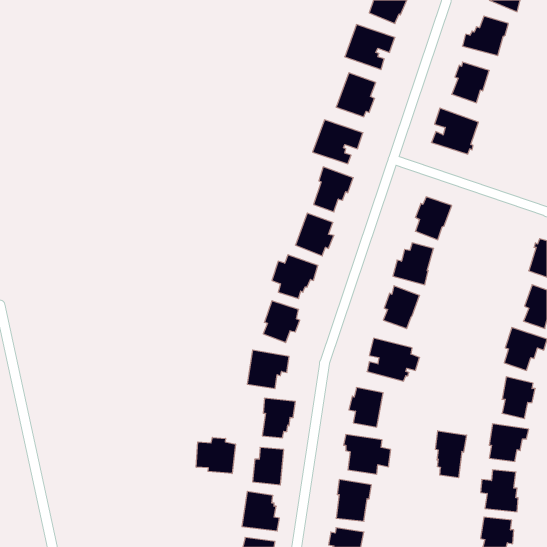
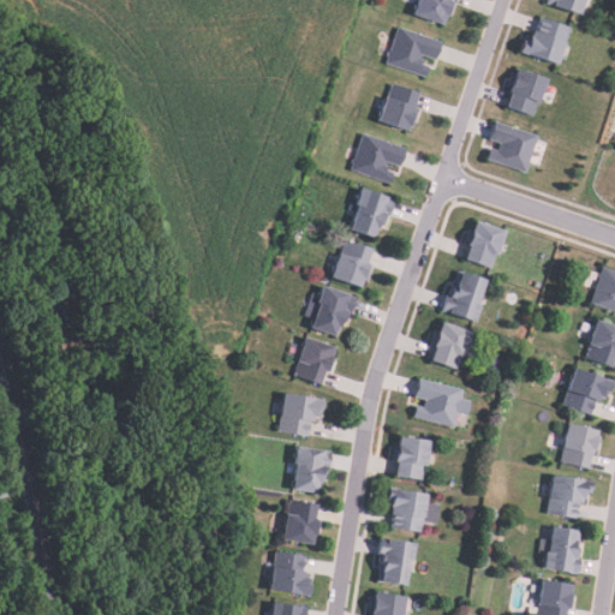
building: [435,431,467,478] -> none
building: [196,437,235,474] -> none

